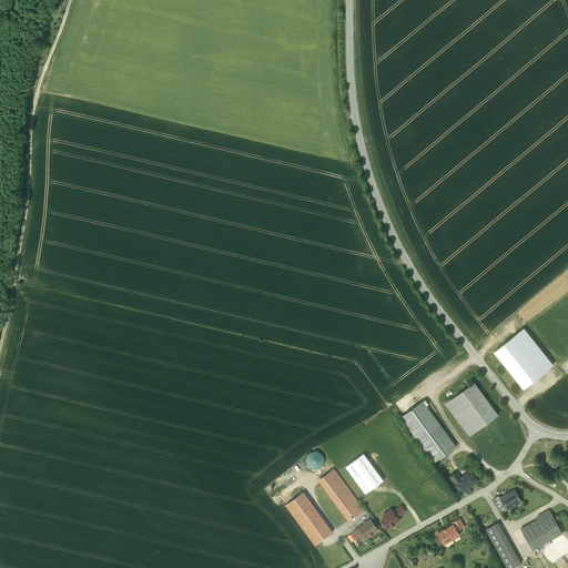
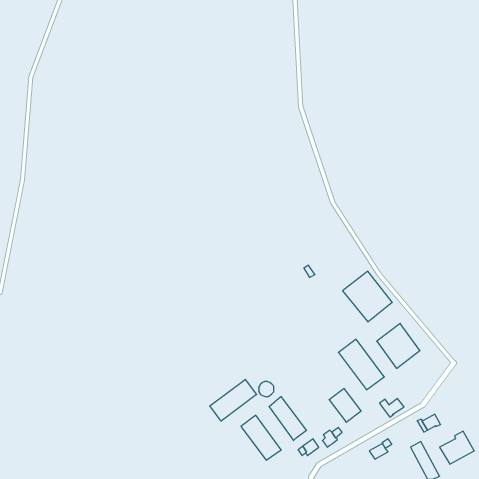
building: [494,328,552,388] -> [343,271,392,322]
building: none -> [210,379,257,421]
building: [345,454,383,494] -> [329,388,361,422]

